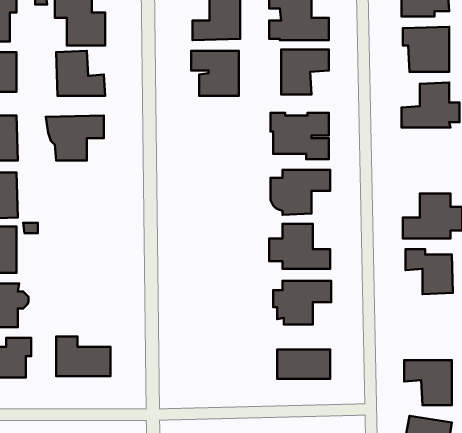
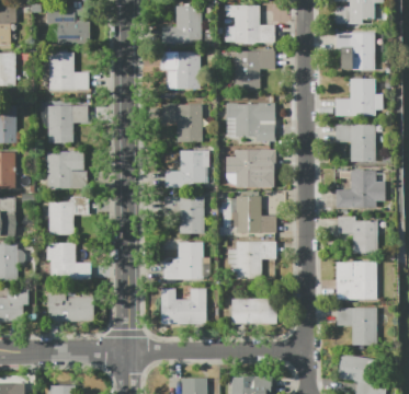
building: none -> [162,104,202,142]
building: none -> [336,124,375,161]
building: none -> [46,149,87,188]
building: none -> [166,150,208,187]
building: none -> [163,196,204,233]
building: none -> [48,197,88,234]
building: none -> [163,242,203,279]
building: none -> [47,243,90,279]
building: none -> [337,260,376,299]
building: none -> [159,288,205,324]

